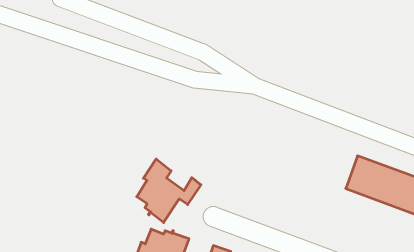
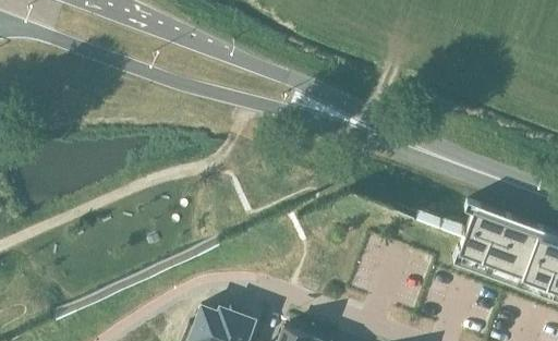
building: [137,159,201,223] -> none

